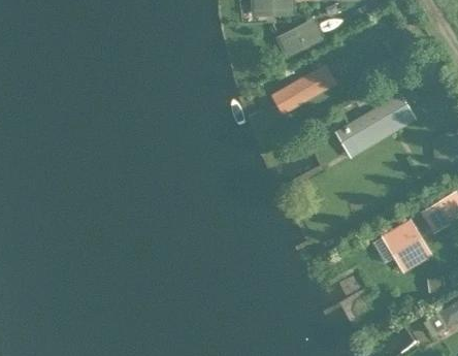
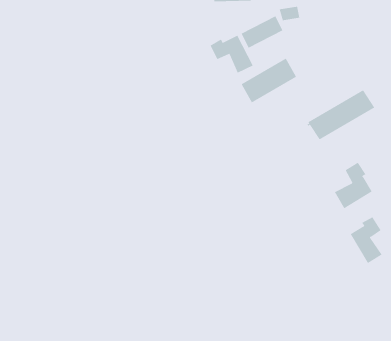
building: none -> [210,35,253,73]
building: none -> [334,162,373,209]

